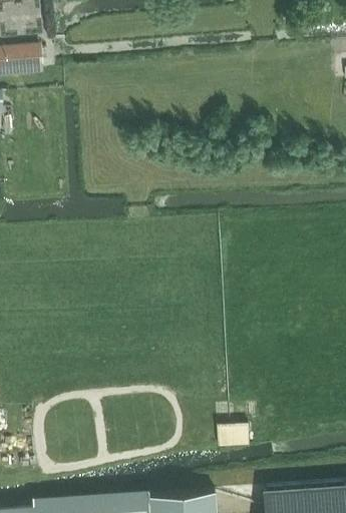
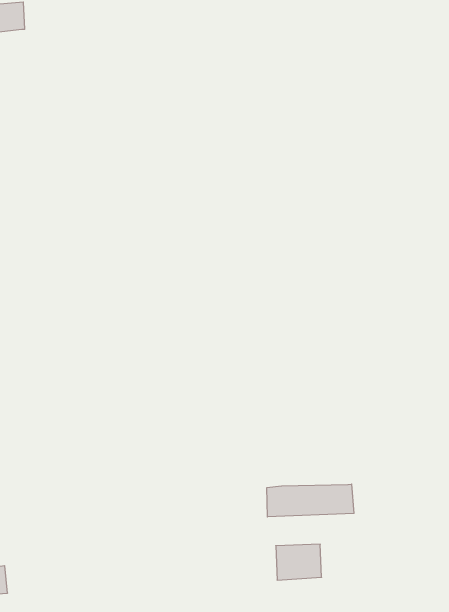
building: none -> [267,484,354,517]

